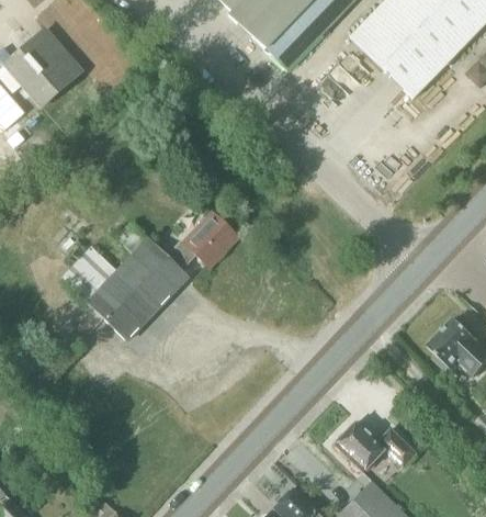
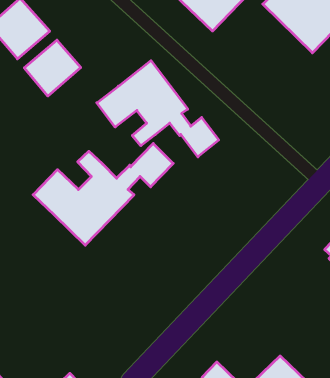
building: none -> [24,40,81,96]
building: none -> [97,61,219,157]
building: [335,420,417,471] -> none

